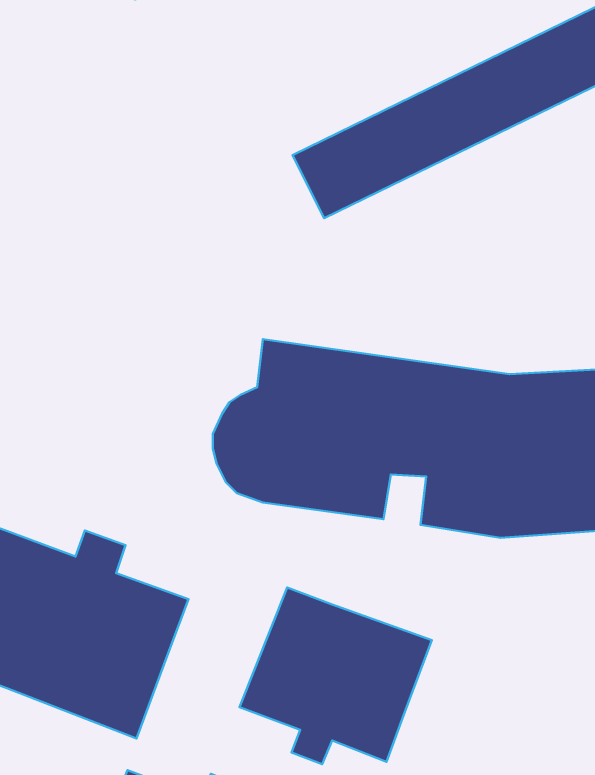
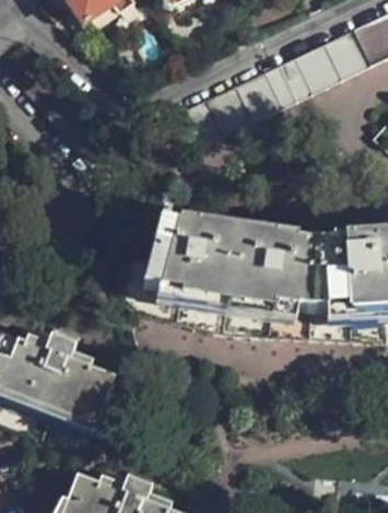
building: [240,588,432,764] -> none

